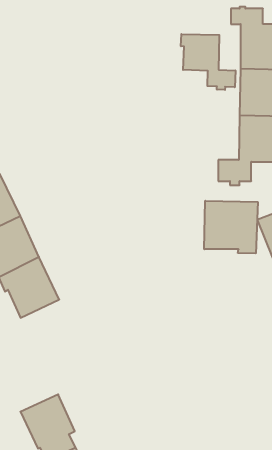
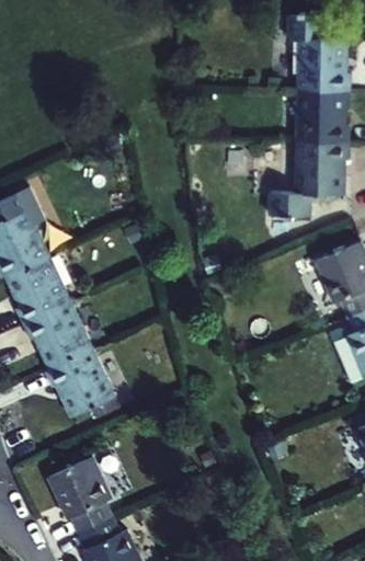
building: [181,34,235,90] -> none
building: [204,201,258,253] -> none
building: none -> [46,350,115,419]

